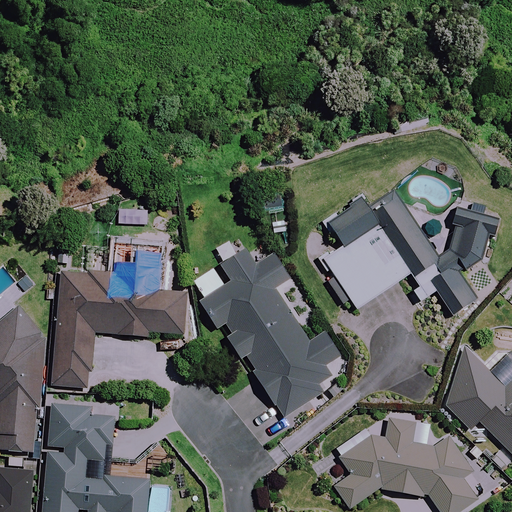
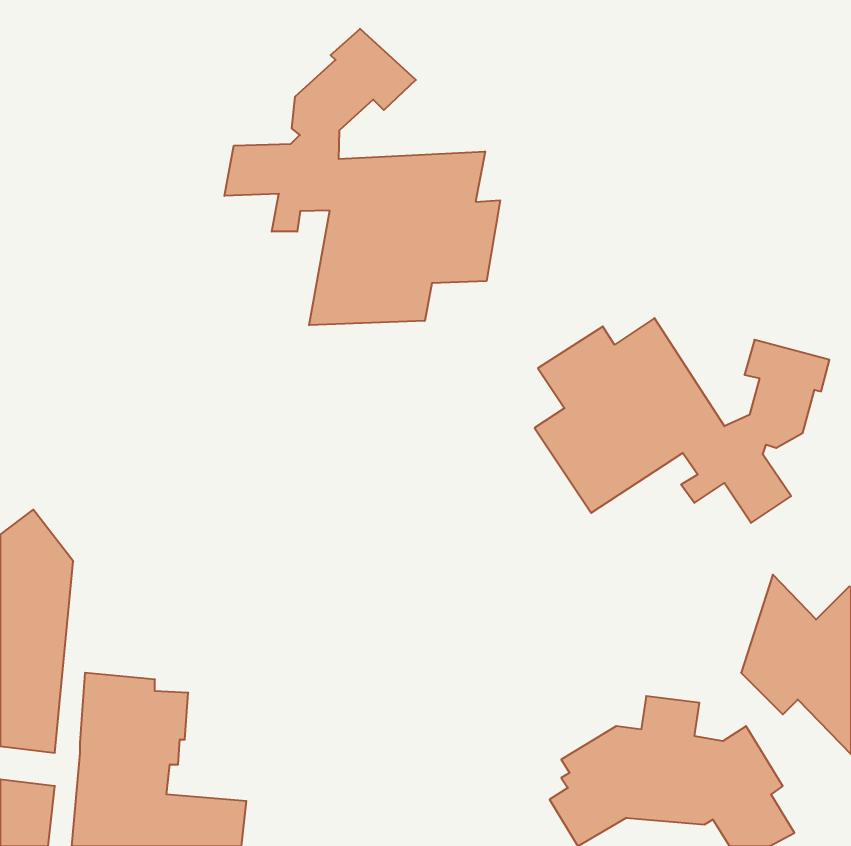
building: none -> [224,29,500,325]
building: [191,249,339,420] -> none
building: [54,260,185,389] -> none

